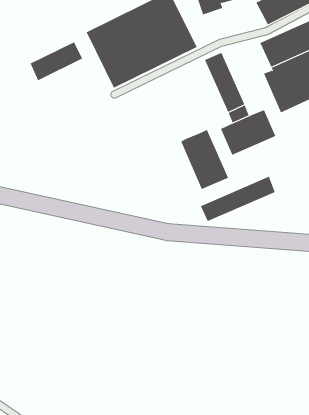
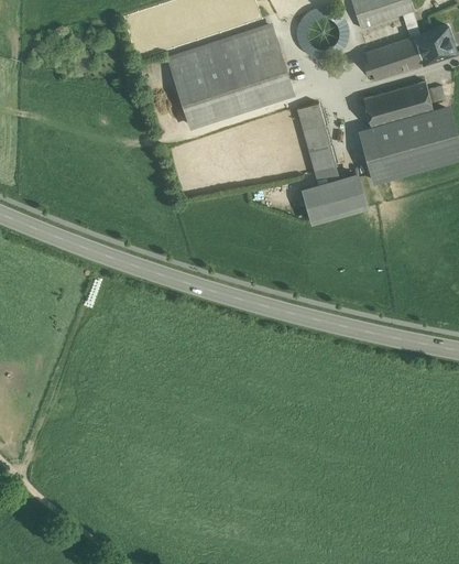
building: [30,42,83,81] -> none
building: [180,129,229,190] -> none
building: [200,176,276,222] -> none

